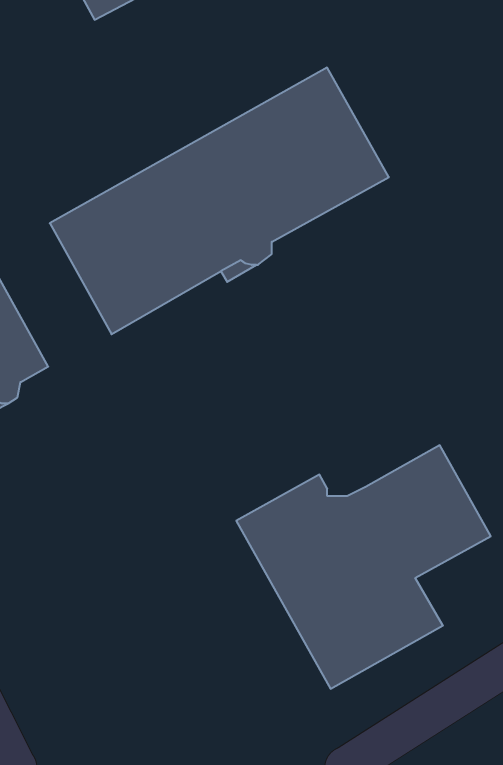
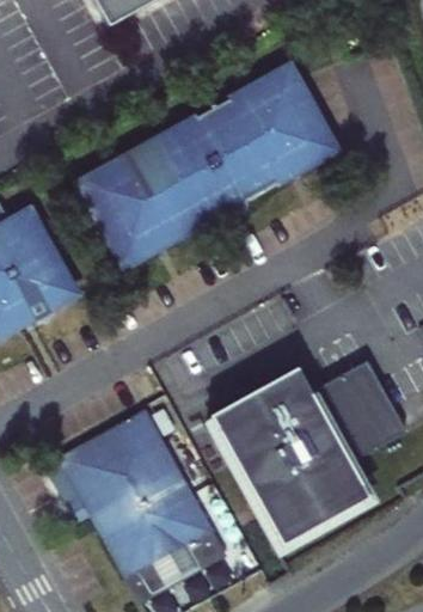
building: none -> [63,411,222,596]

